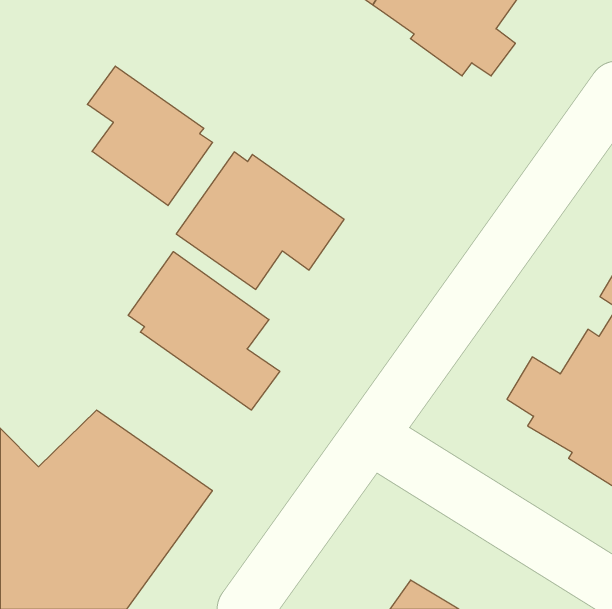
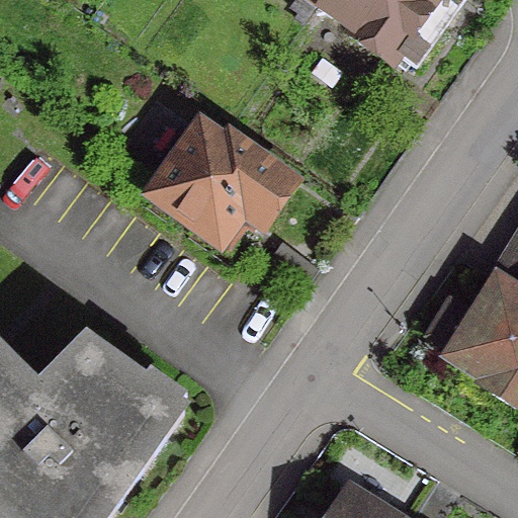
building: [87,66,213,206] -> none
building: [128,252,280,410] -> none

